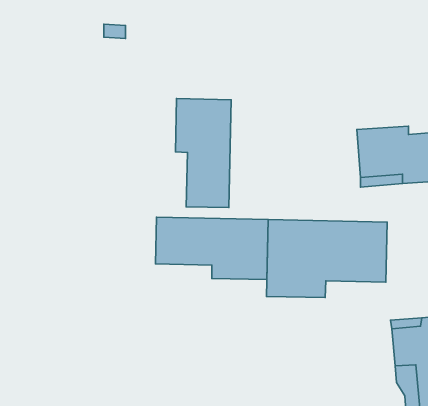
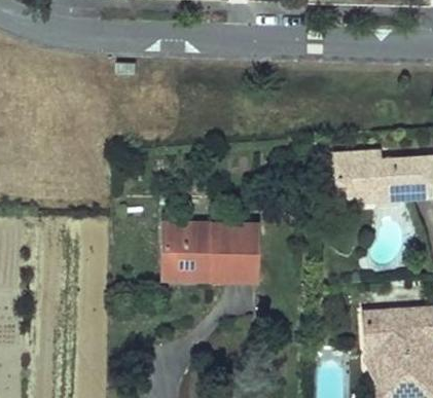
building: [175,99,231,207] -> none
building: [267,220,387,298] -> none

